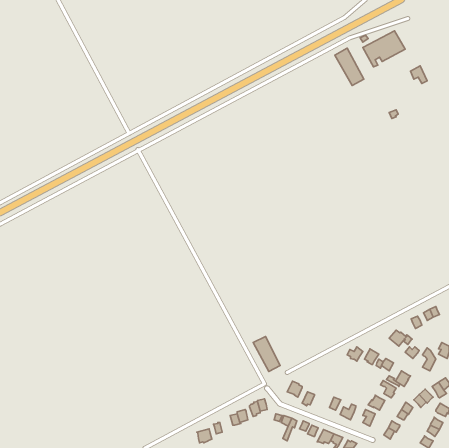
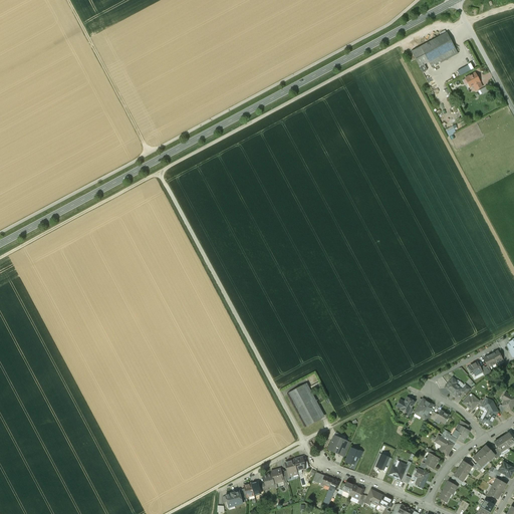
building: [335,48,364,85] -> none

